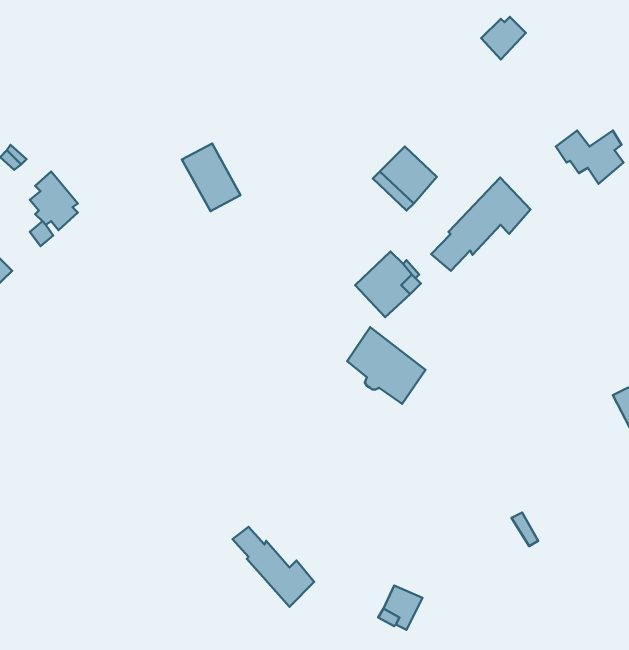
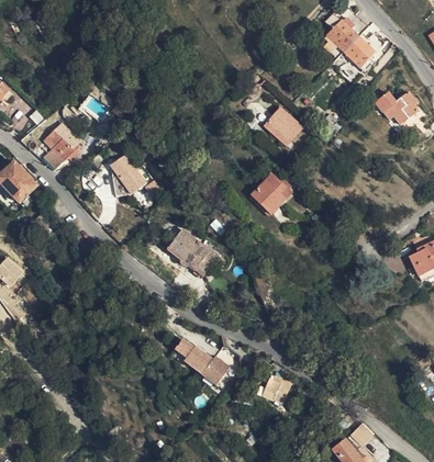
building: none -> [341,36,376,72]
building: [182,144,241,211] -> [113,155,149,196]
building: [431,177,531,271] -> none
building: [347,327,425,404] -> [168,226,216,273]

